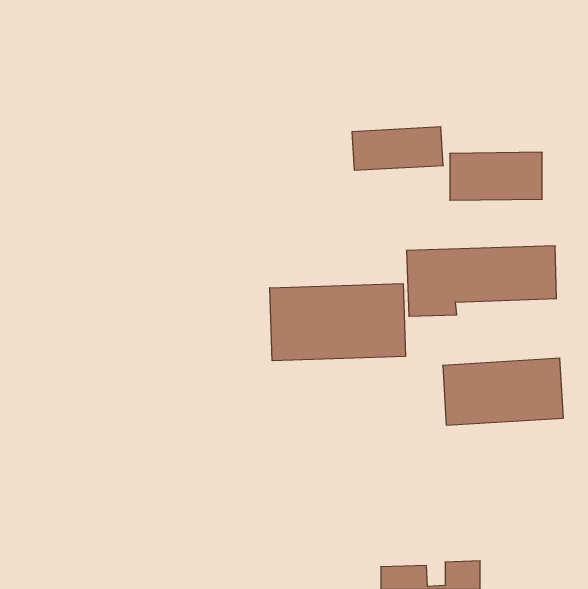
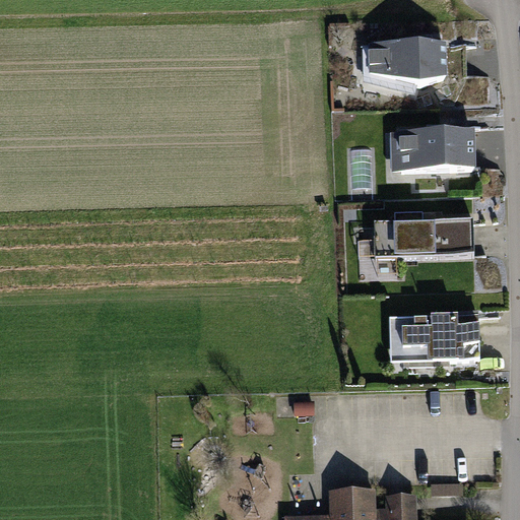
building: [352,127,443,170] -> [367,45,446,82]
building: [270,284,406,361] -> none

